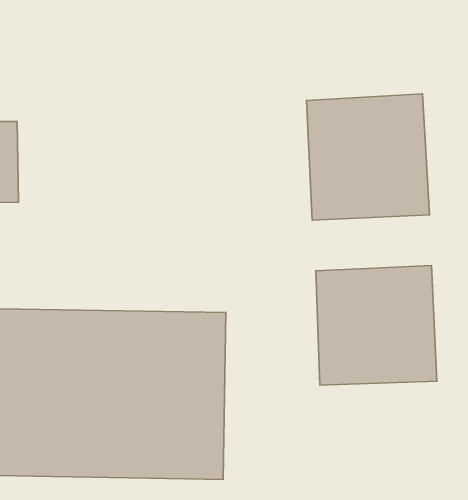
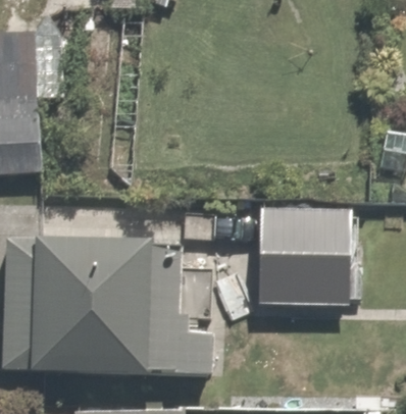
building: [306,94,430,220] -> none

